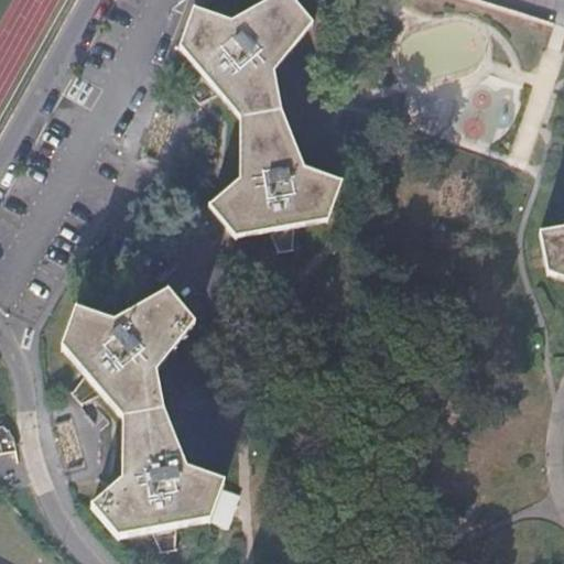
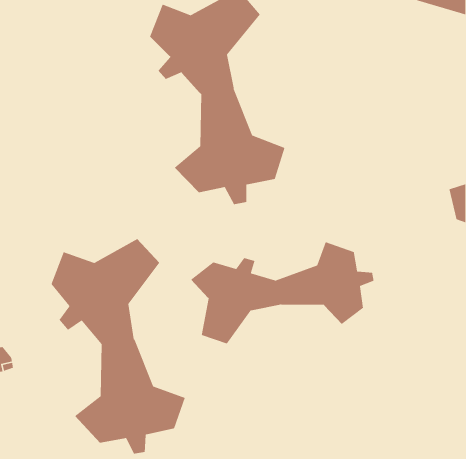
building: none -> [190,241,375,345]

